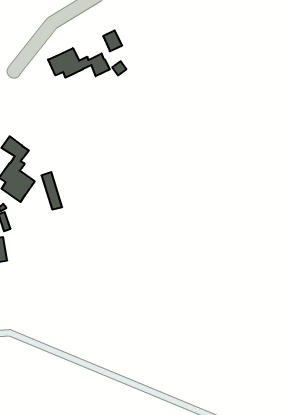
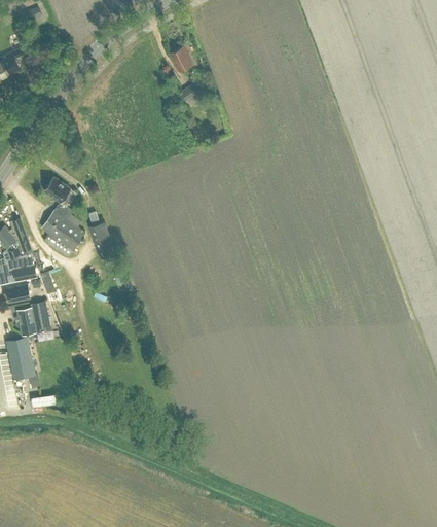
building: [48,48,110,78] -> none

